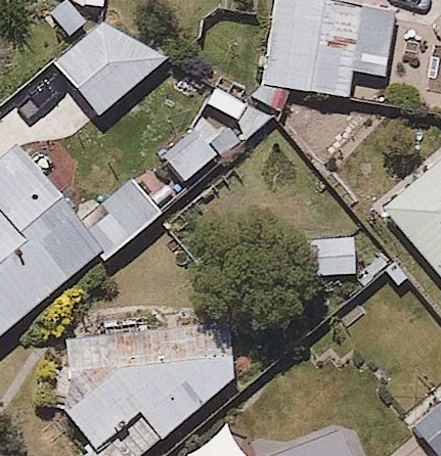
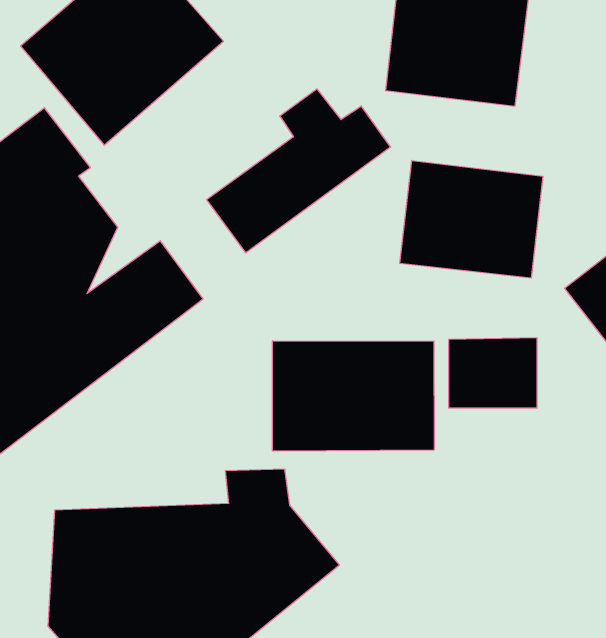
building: none -> [400,160,543,278]
building: none -> [273,341,434,451]

